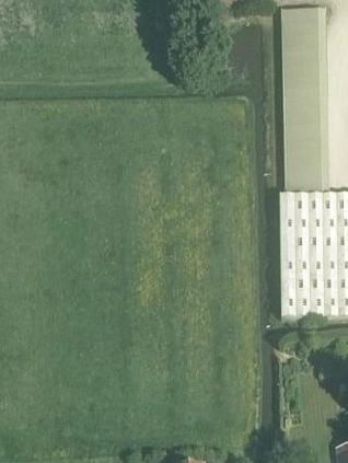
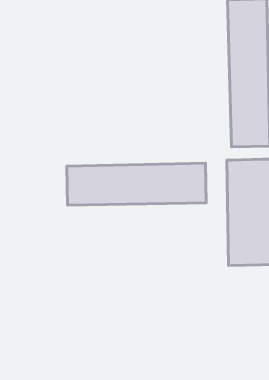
building: none -> [67,163,206,205]

